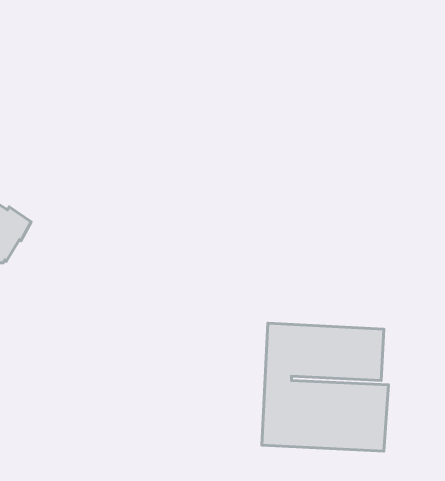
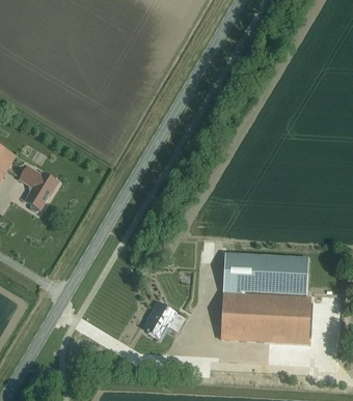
building: none -> [144,302,176,337]

